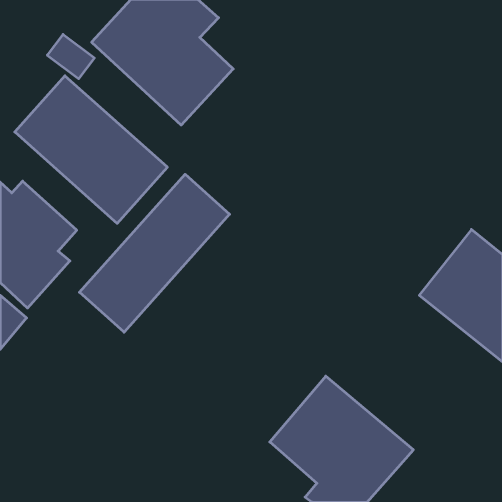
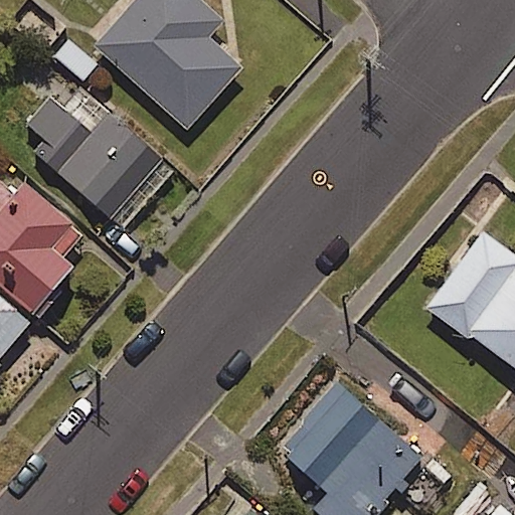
building: [79,174,230,332] -> none

